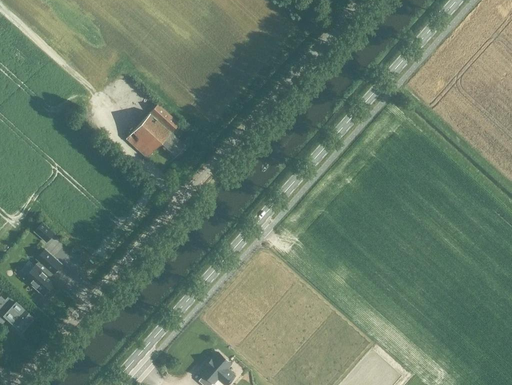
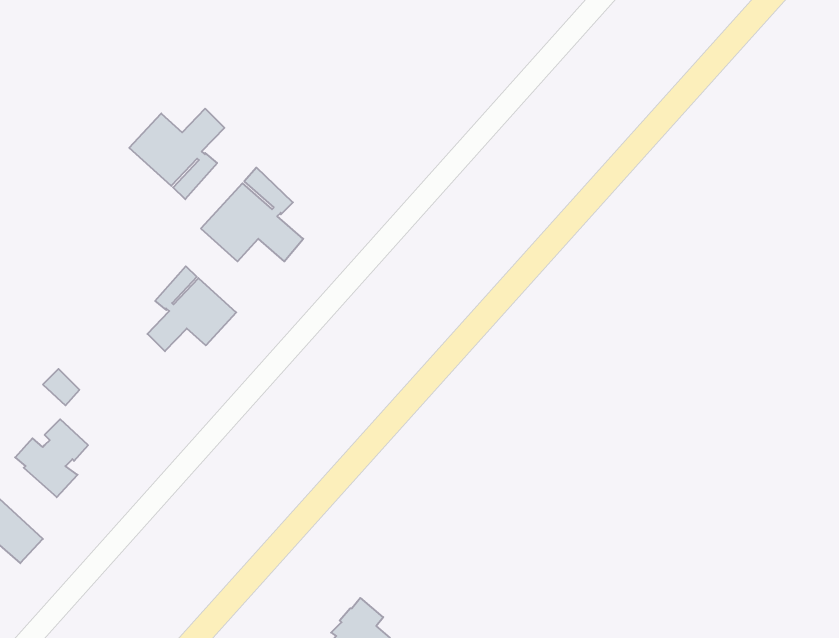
building: none -> [129,109,224,199]
building: none -> [147,266,236,351]

